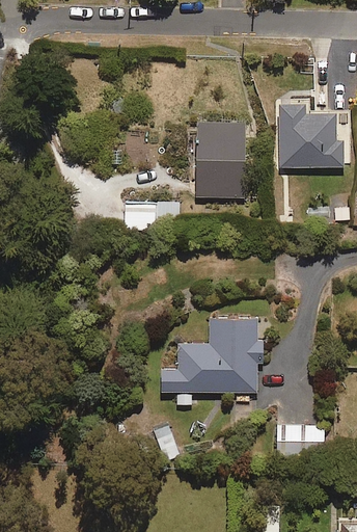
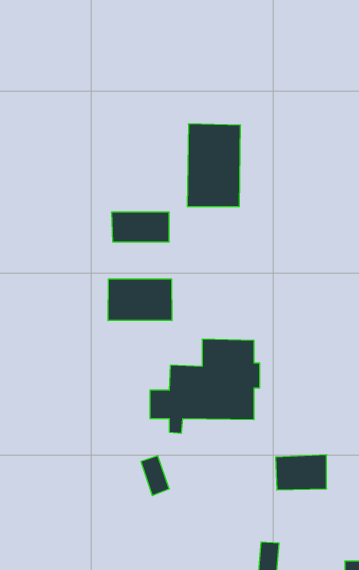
building: [276,101,344,168] -> none
building: none -> [108,279,172,321]

